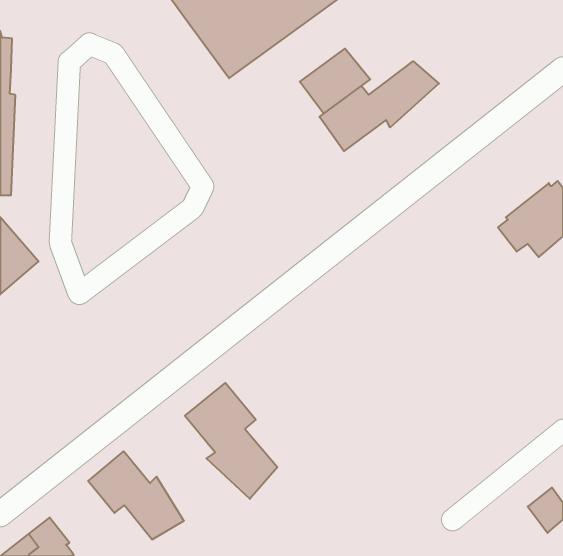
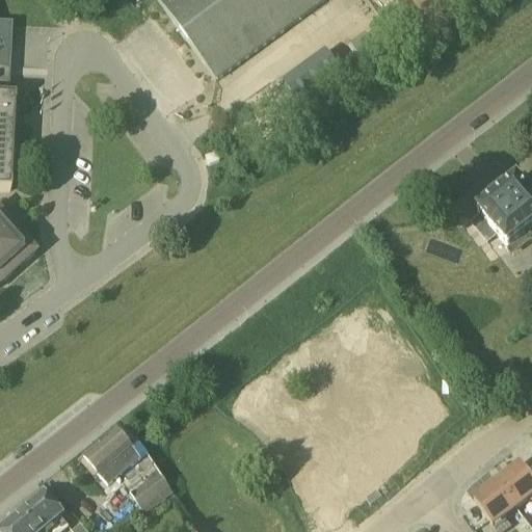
building: [319,61,439,151] -> none
building: [185,383,277,499] -> none
building: none -> [474,477,516,520]

